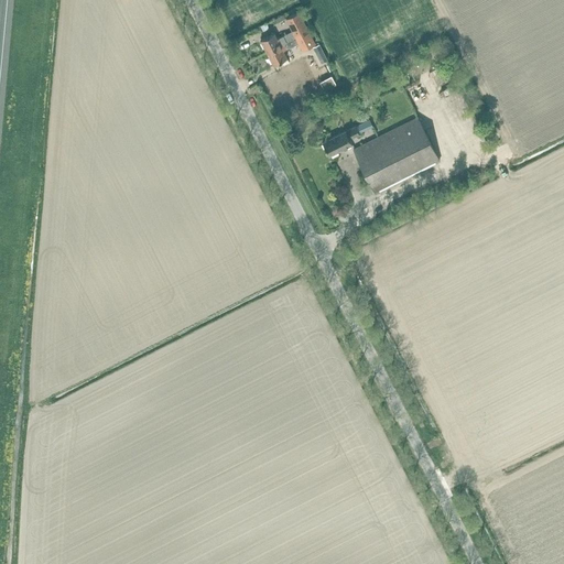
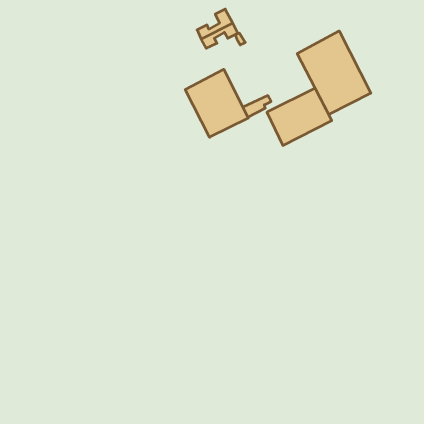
building: none -> [297,31,371,114]
building: none -> [185,69,248,137]

